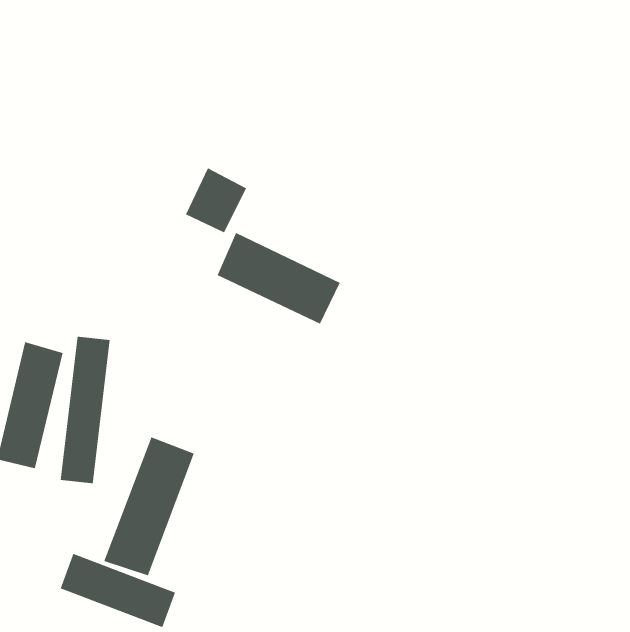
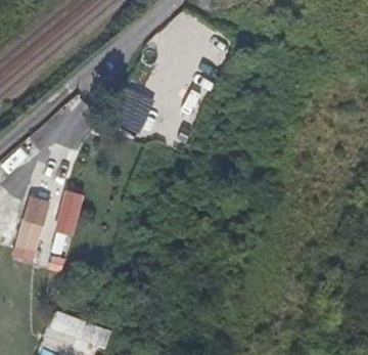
building: [217,232,340,324] -> none
building: [104,437,195,576] -> none

